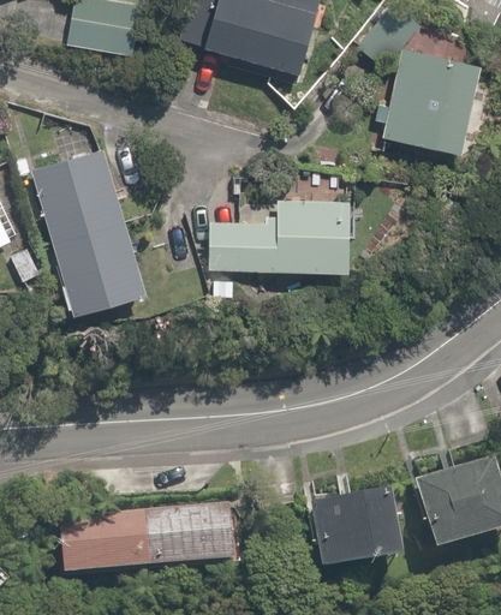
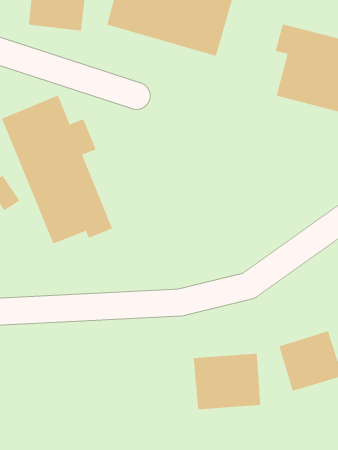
building: [207,207,372,286] -> none
building: [36,495,209,565] -> none

